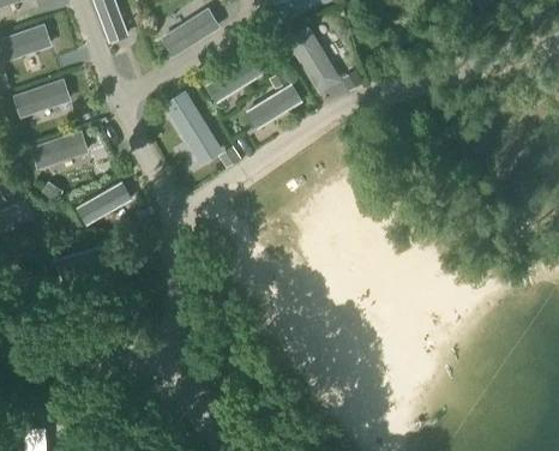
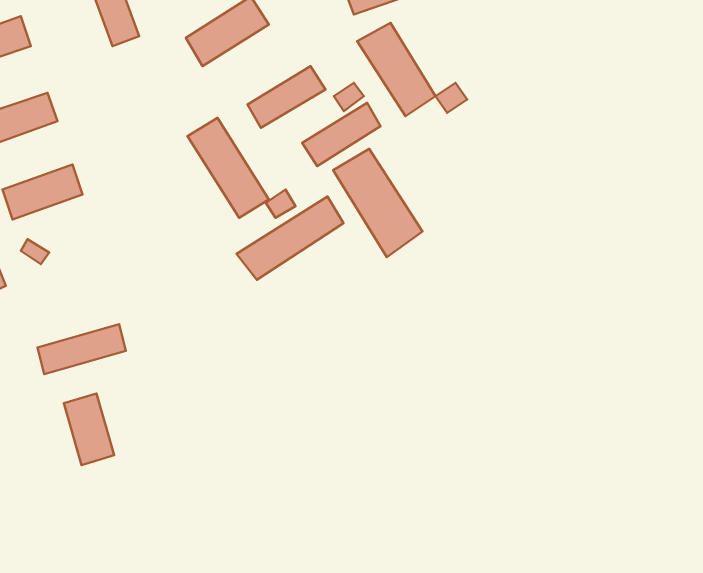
building: none -> [333,149,423,257]
building: none -> [237,197,343,280]
building: [77,181,131,224] -> none
building: none -> [64,393,114,465]

